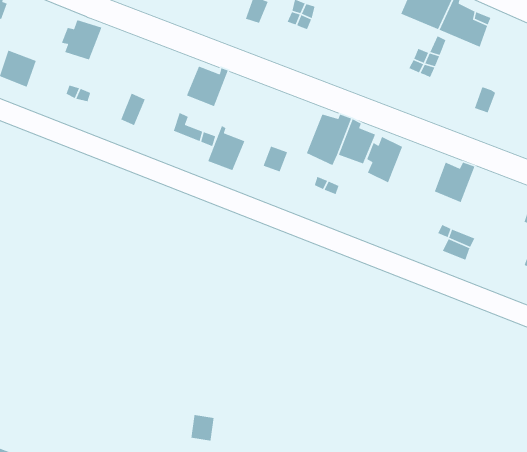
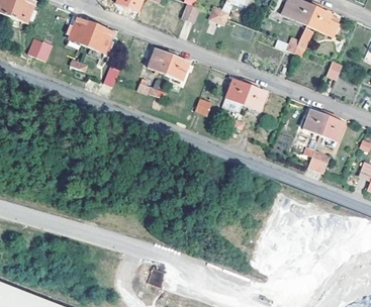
building: none -> [86,24,112,53]
building: [207,125,246,171] -> [165,52,189,81]
building: [366,136,403,183] -> none
building: none -> [320,112,344,141]

